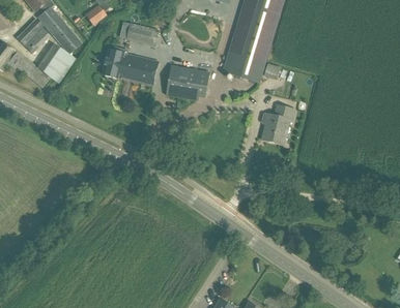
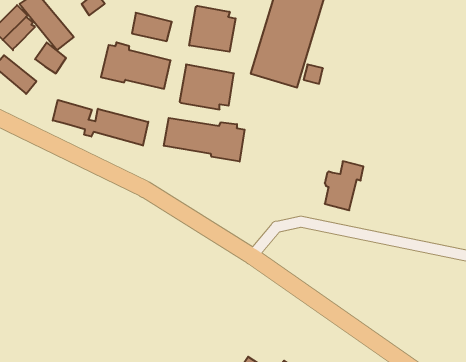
building: none -> [189,6,236,52]
building: none -> [53,100,148,146]
building: [262,104,293,144] -> [325,161,363,210]
building: none -> [164,118,245,162]

